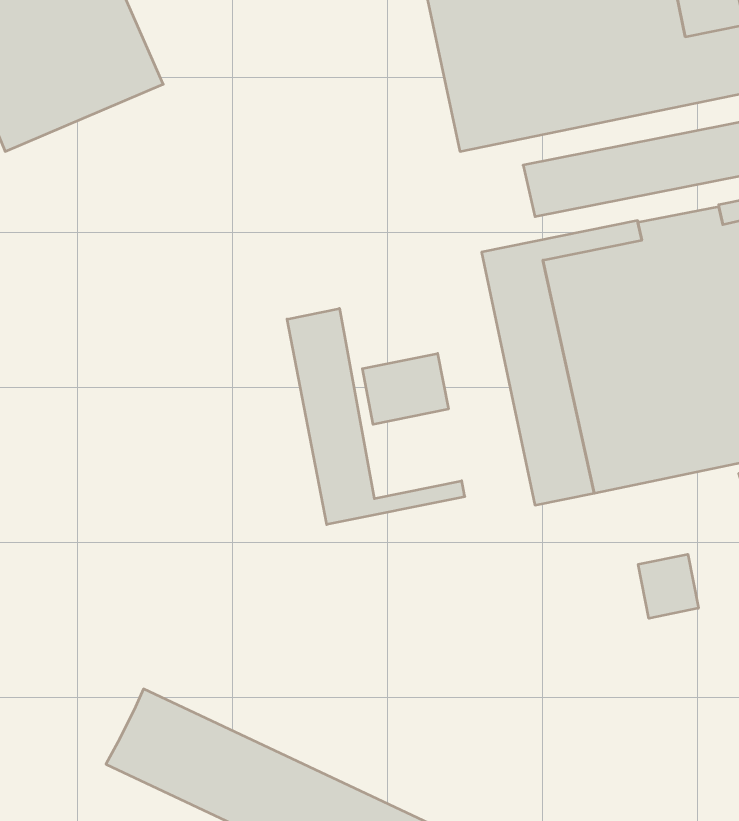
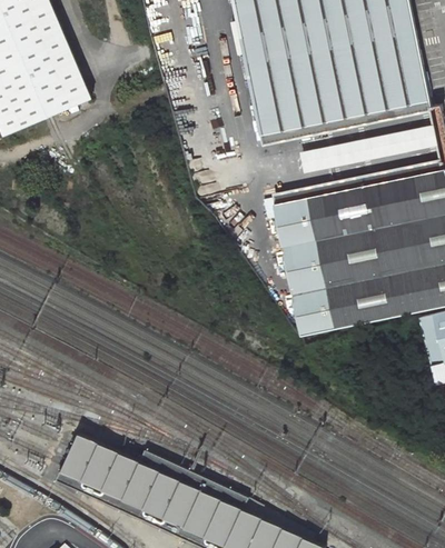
building: [287,308,465,525] -> none
building: [362,353,448,424] -> none
building: [638,554,698,618] -> none

